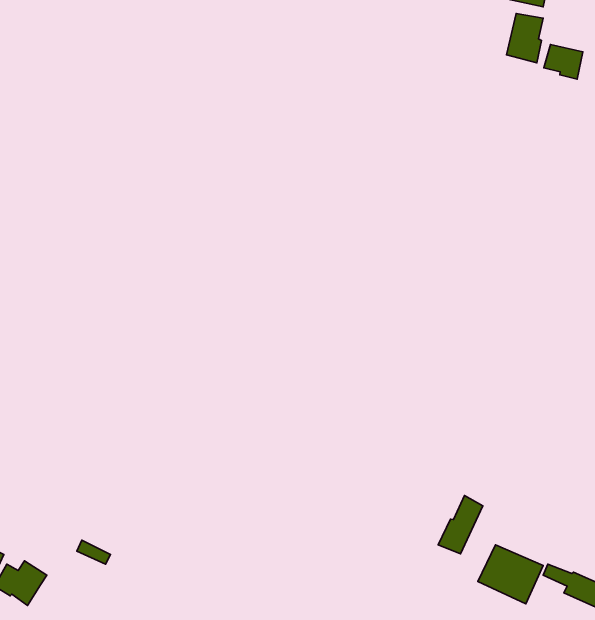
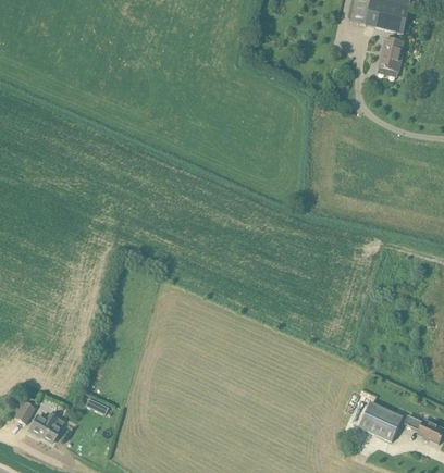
building: [544,44,583,79] -> none
building: [438,495,483,554] -> none

